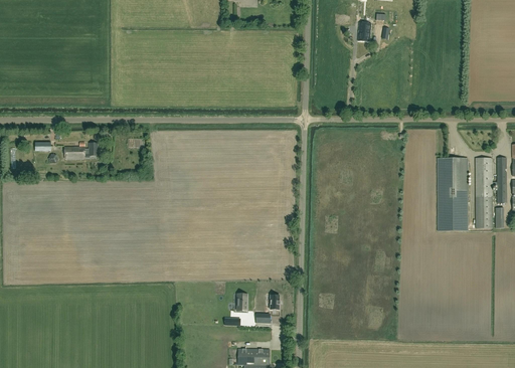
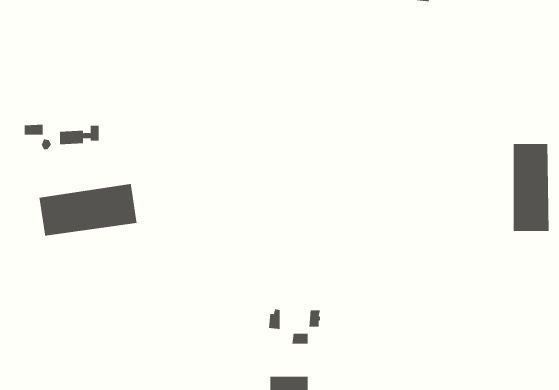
building: none -> [39,183,137,236]

